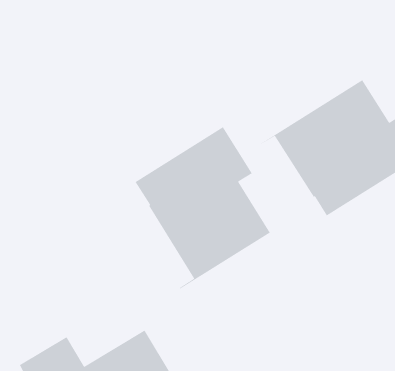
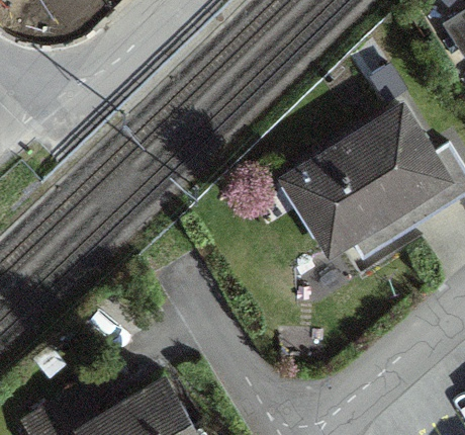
building: [135,126,271,290] -> none

